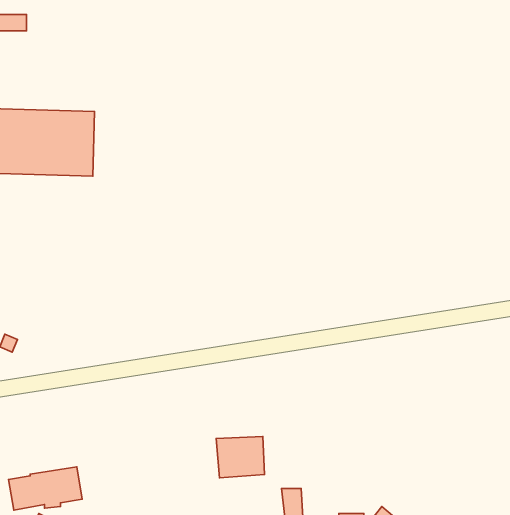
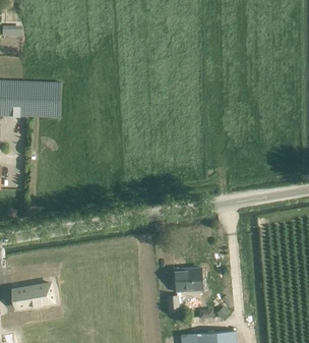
building: [216,437,265,478] -> [175,268,202,291]

